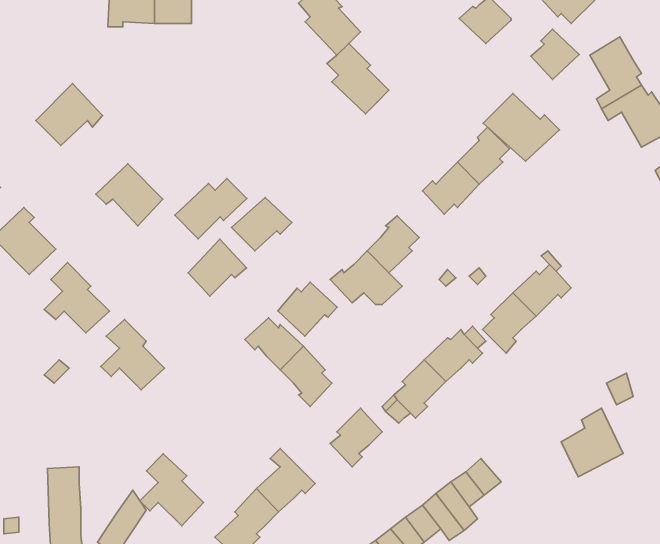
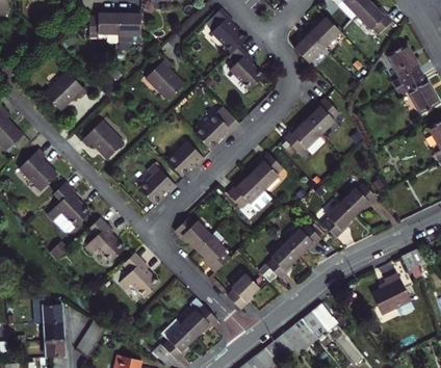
building: [531,29,579,79] -> [293,30,323,61]
building: none -> [145,58,183,100]
building: [483,94,559,161] -> none
building: [175,179,247,239] -> [193,110,238,148]
building: [278,282,337,336] -> none
building: [140,454,203,526] -> [119,253,158,297]

